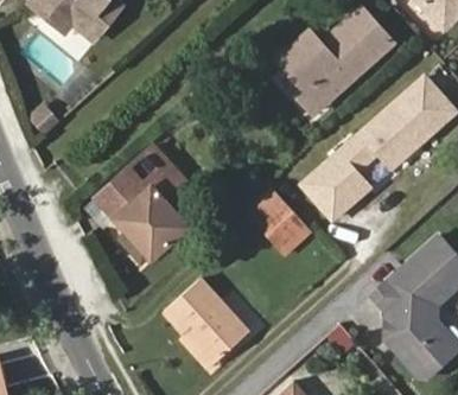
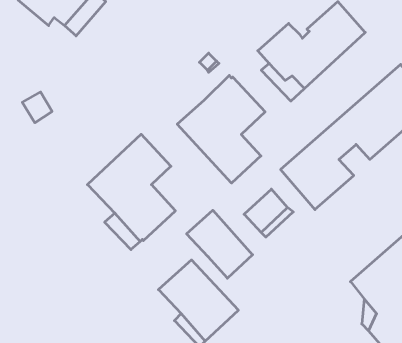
building: none -> [177,75,265,183]
building: none -> [187,210,253,278]

